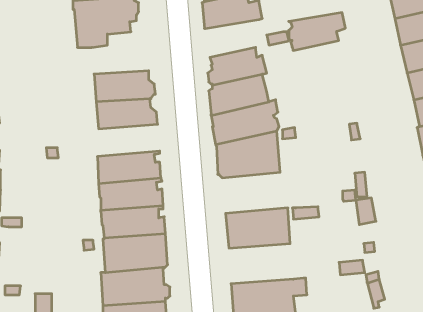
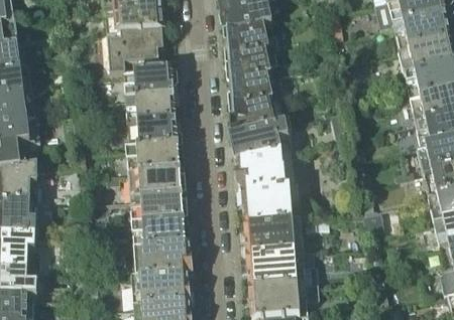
building: [289,13,345,50] -> [226,51,277,86]
building: none -> [123,71,178,101]
building: none -> [125,146,185,175]
building: none -> [241,189,301,226]
building: none -> [247,253,315,290]

